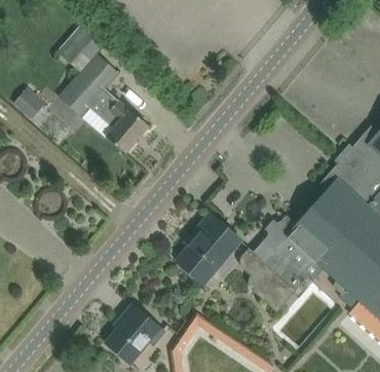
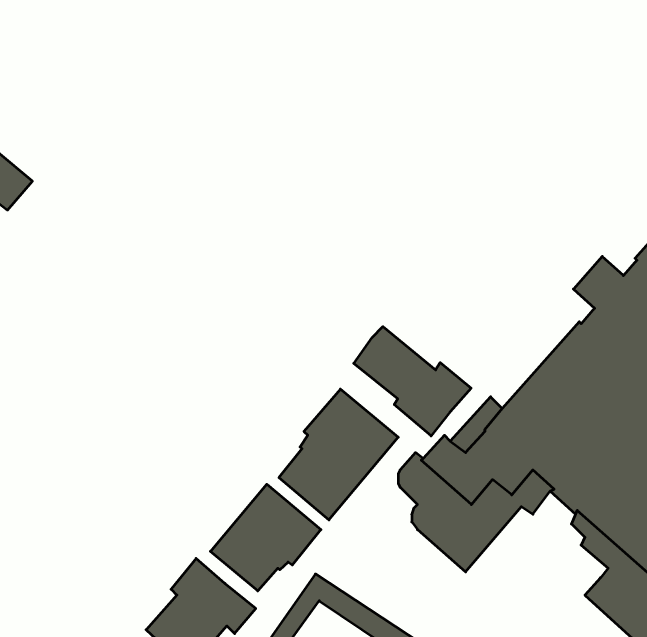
building: [59,20,149,152] -> none
building: none -> [354,327,471,436]
building: none -> [210,484,321,591]

